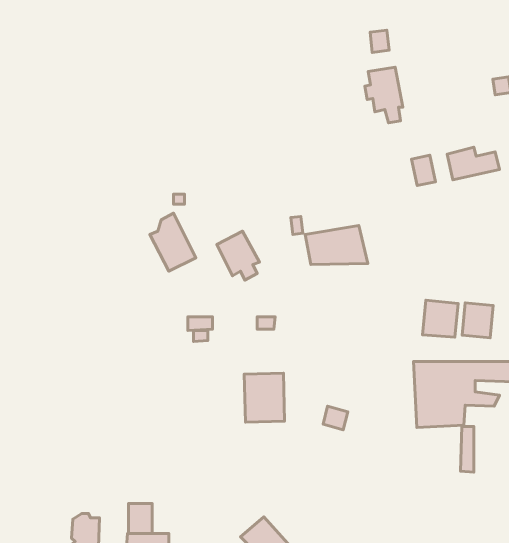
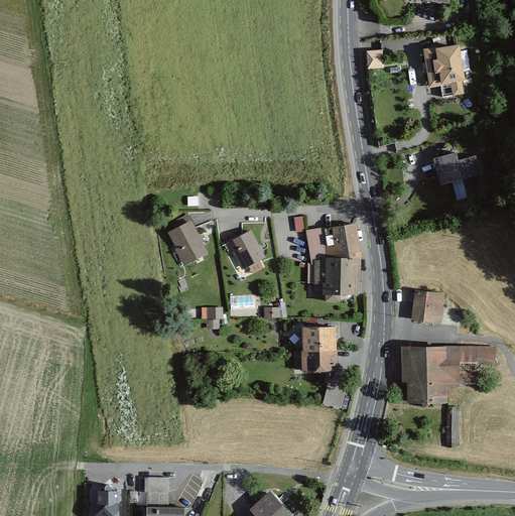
building: [365,67,403,123] -> [430,45,465,96]
building: [412,155,436,186] -> none
building: none -> [309,258,362,296]
building: [462,303,493,338] -> none
building: [244,373,285,422] -> [300,328,337,372]

